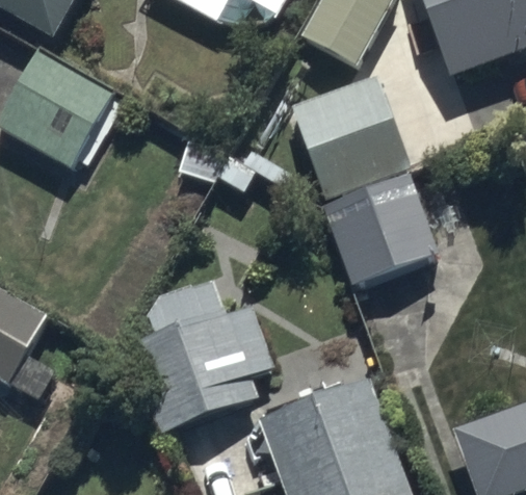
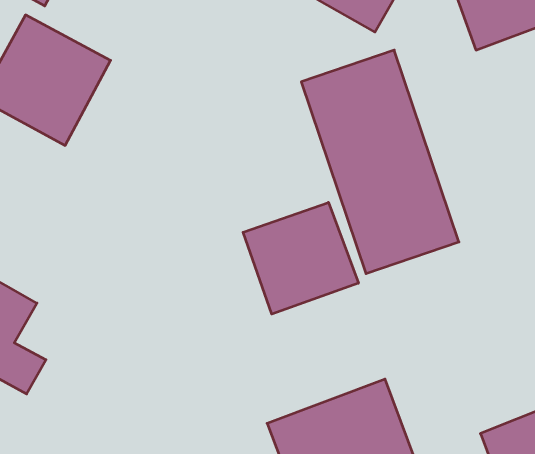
building: none -> [243,202,358,314]
building: [127,280,275,435] -> none

